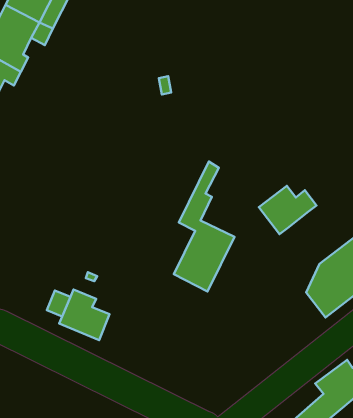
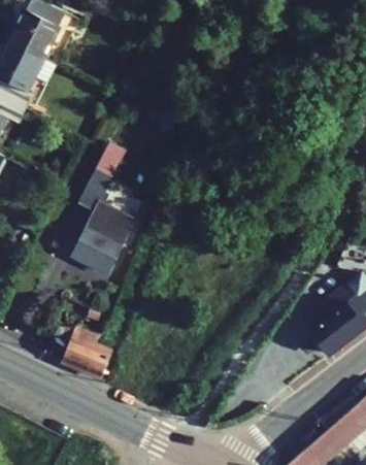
building: [174,162,234,292] -> [73,143,134,273]
building: [259,186,316,234] -> none

